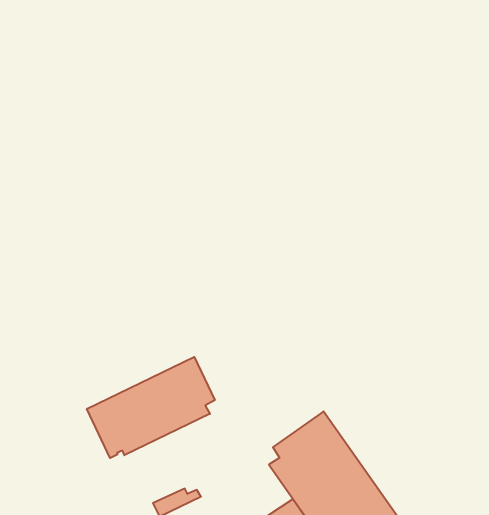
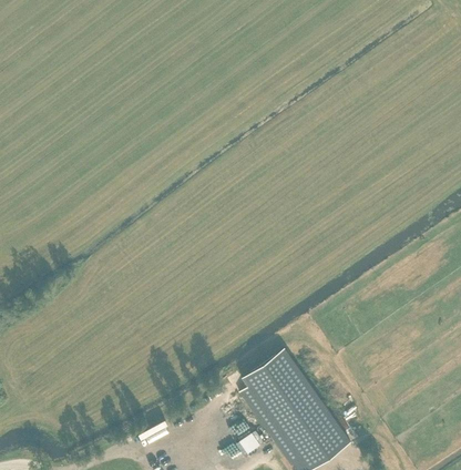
building: [87,357,215,458] -> none

